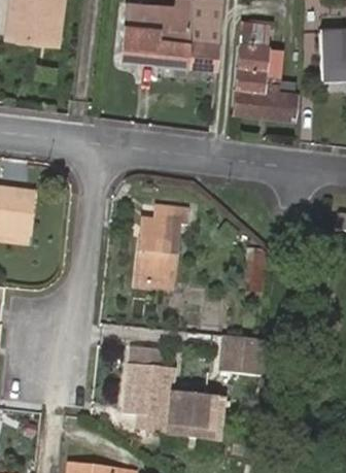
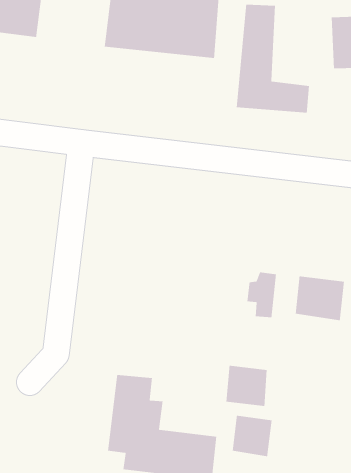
building: [141,205,199,286] -> none
building: none -> [295,275,345,321]
building: none -> [232,415,272,457]

